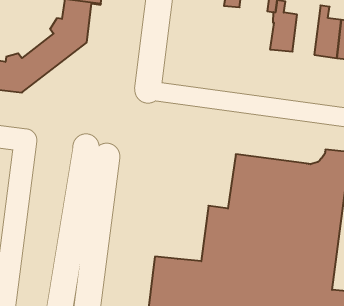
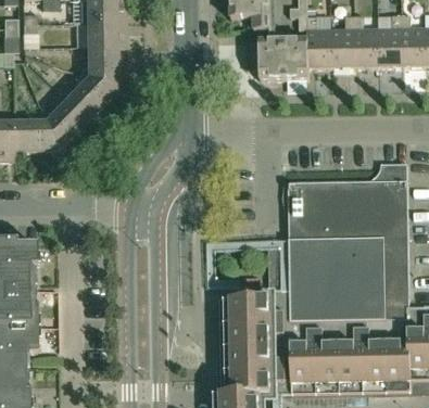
building: none -> [332,15,356,67]
building: none -> [248,40,311,79]

